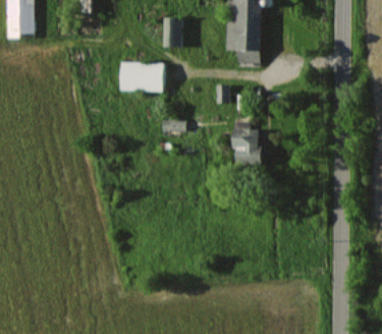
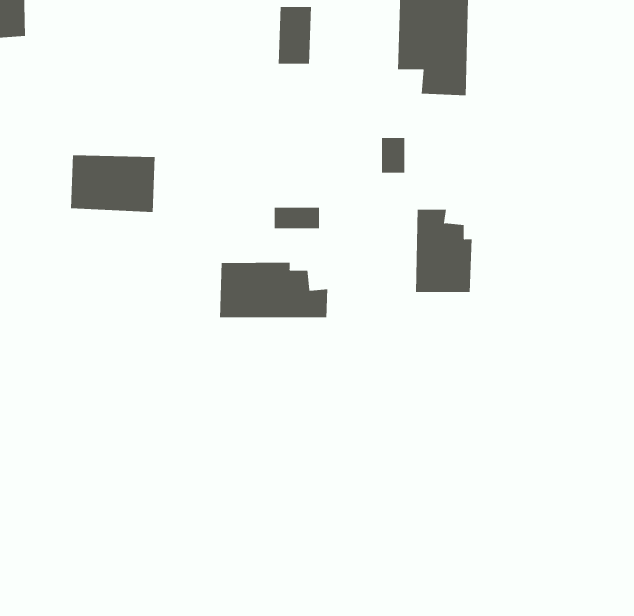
building: [120,63,164,93] -> [70,155,156,212]
building: none -> [219,262,328,318]

